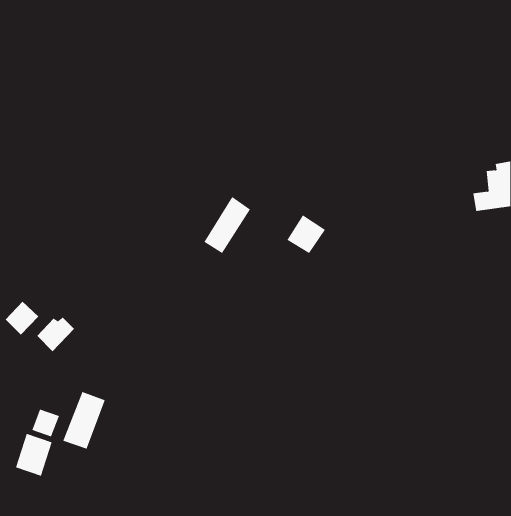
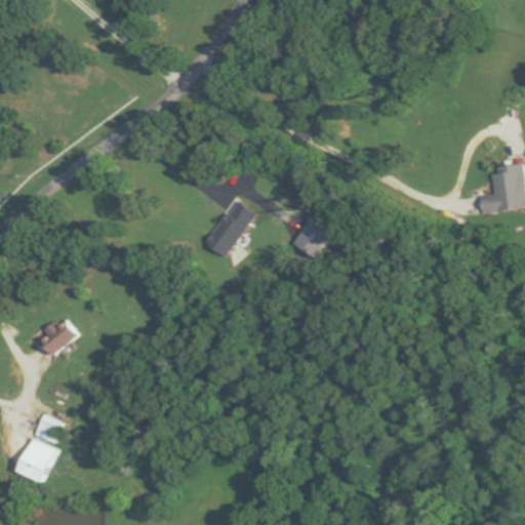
building: [5,301,39,335] -> none
building: [63,391,105,449] -> none

